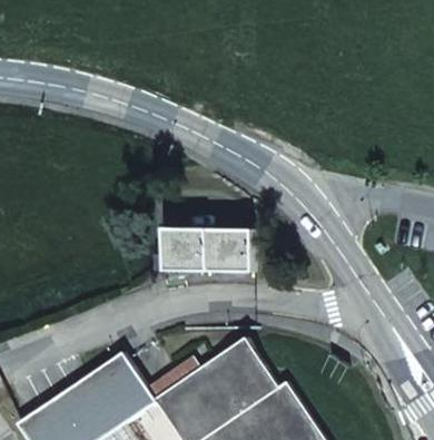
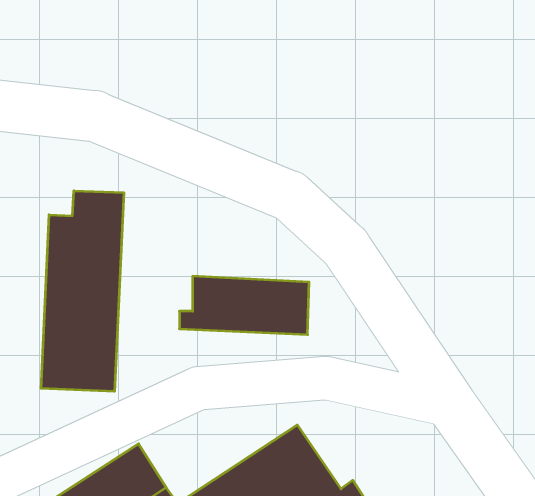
building: none -> [41,191,124,391]

